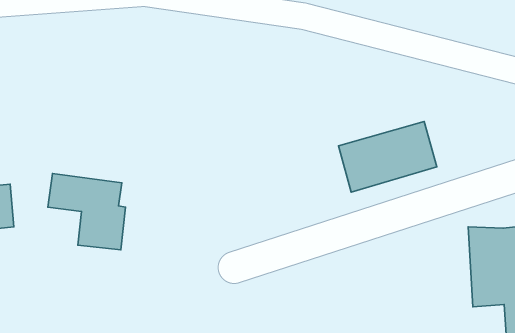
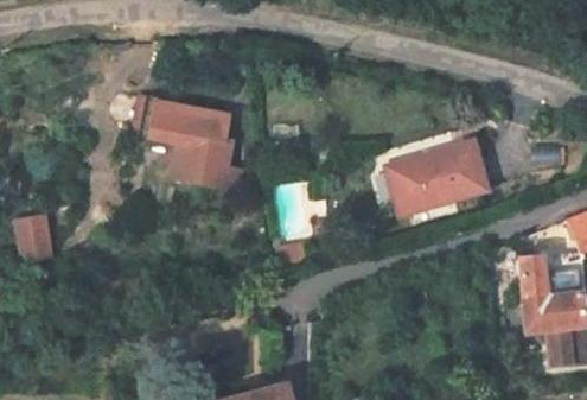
building: [48,173,125,250] -> [148,97,228,176]

